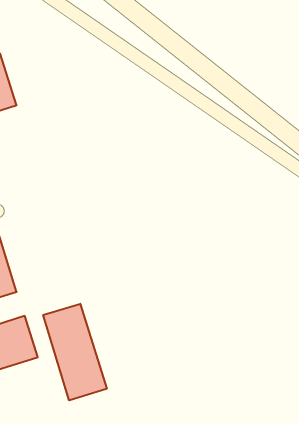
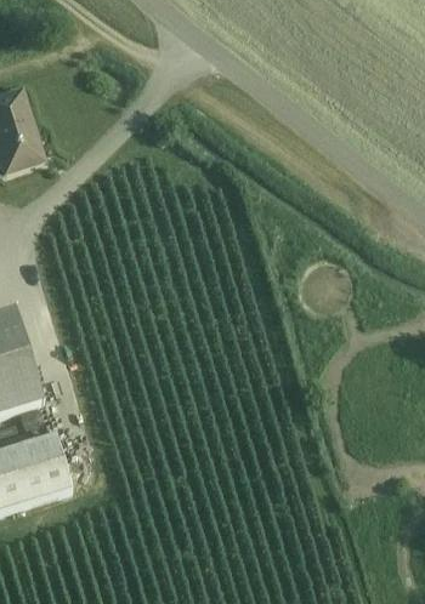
building: [43,304,107,400] -> none

